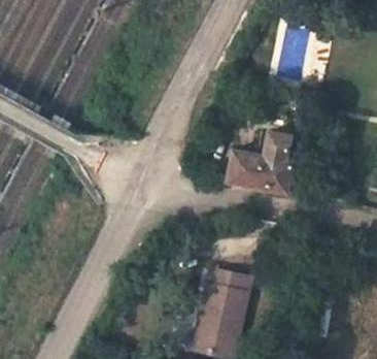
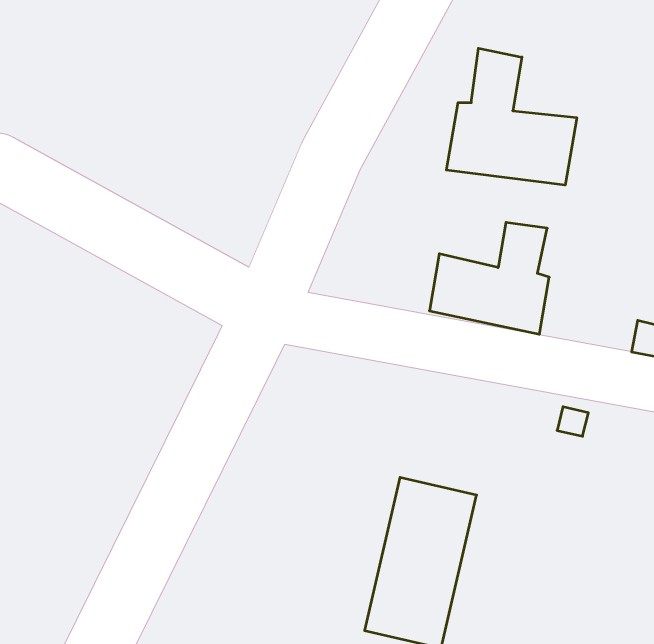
building: none -> [446,48,577,185]

